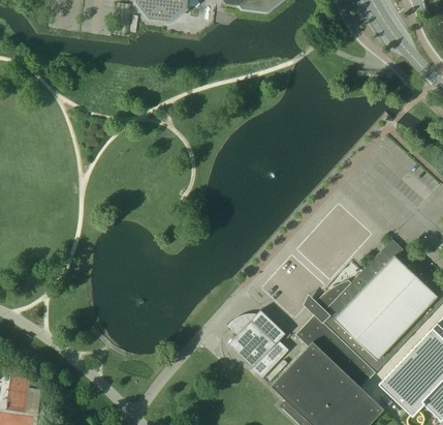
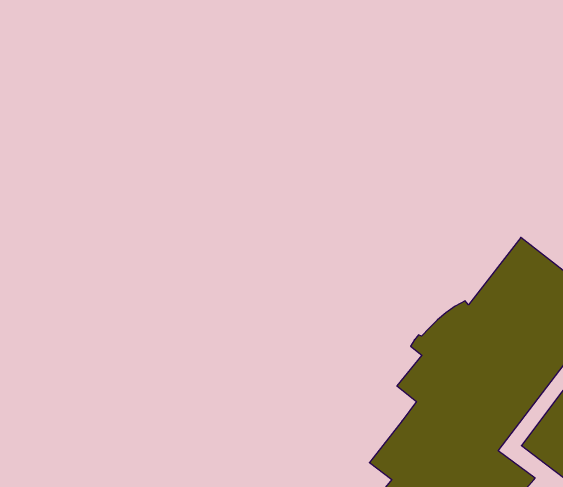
building: [227,309,296,383] -> none

